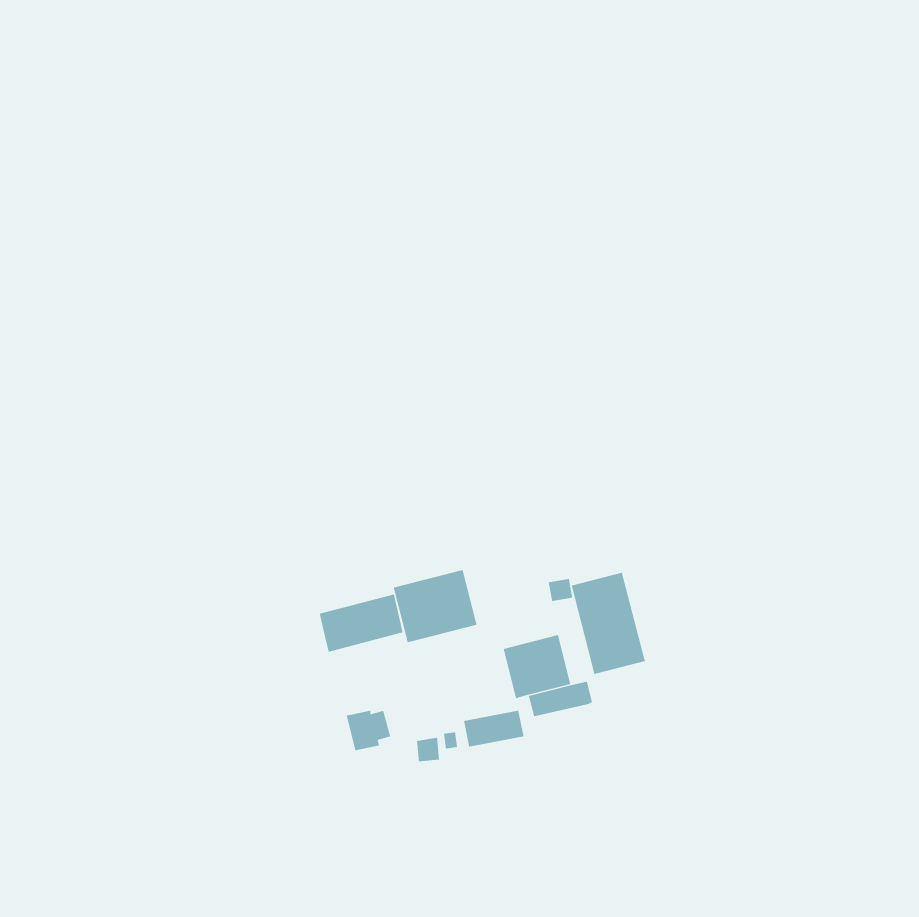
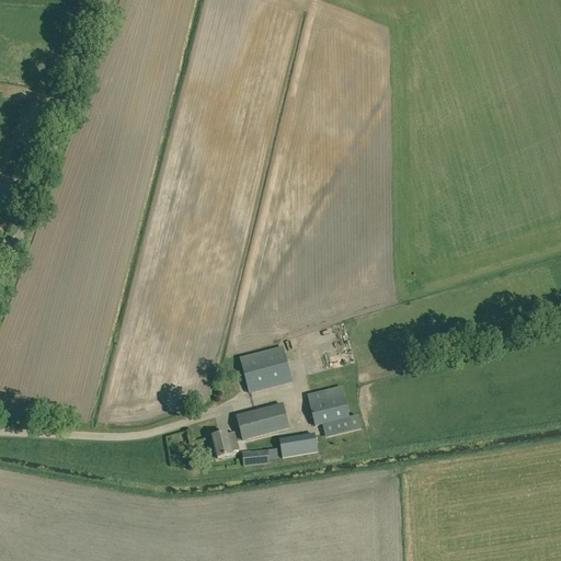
building: [571,572,646,675] -> none
building: [319,593,403,653] -> [236,403,287,439]

